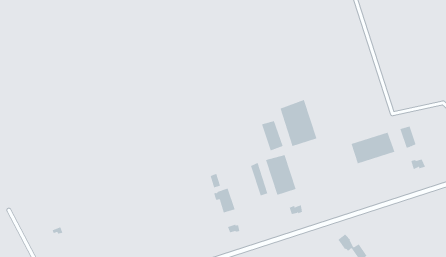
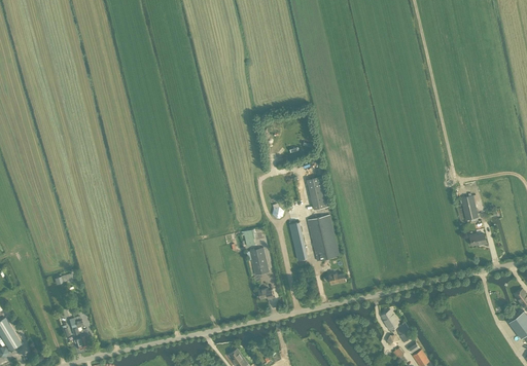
building: [280,99,317,147] -> none
building: [351,132,395,164] -> none

